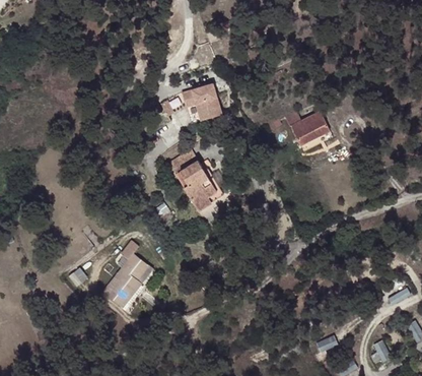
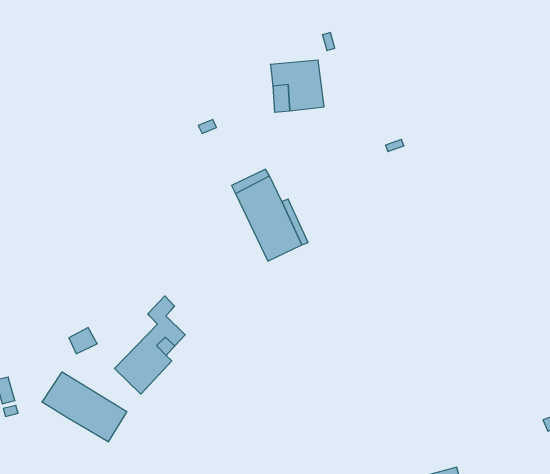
building: [283,112,328,146] -> none
building: none -> [42,372,127,442]

